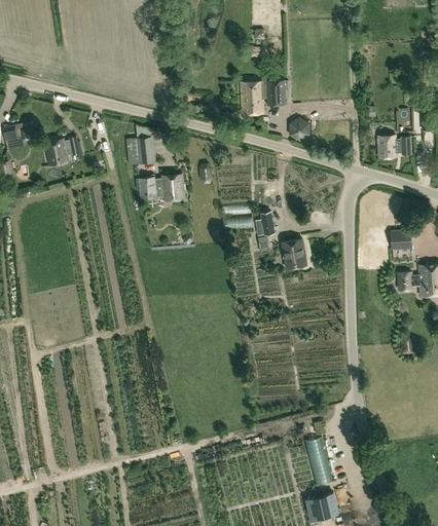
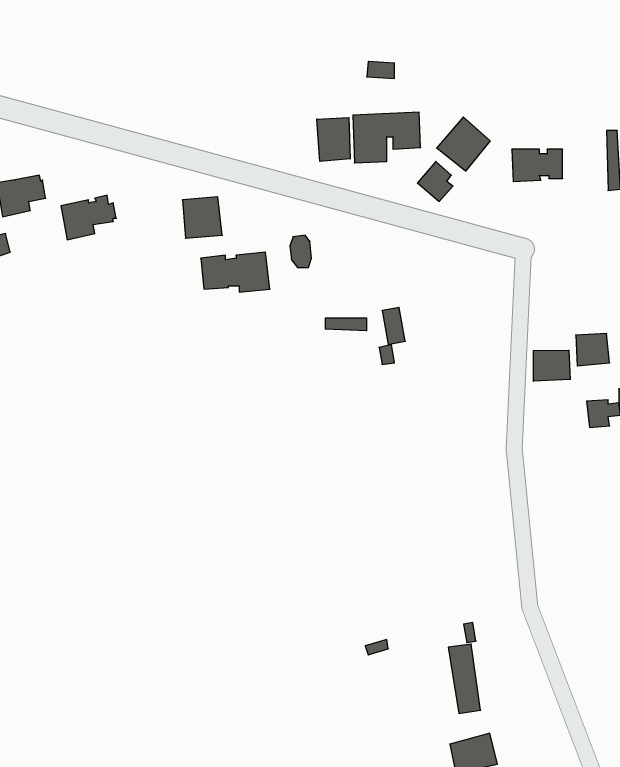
building: none -> [437,117,490,171]
building: none -> [317,118,350,161]
building: [378,137,412,158] -> [512,149,563,182]
building: [283,239,307,269] -> none
building: none -> [533,350,570,381]

